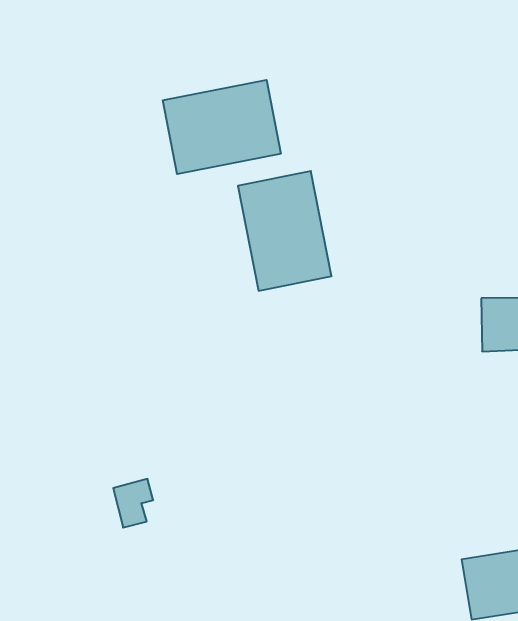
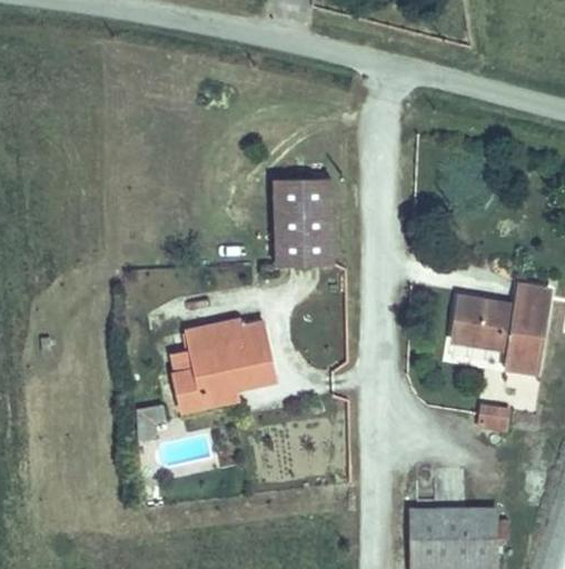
building: [163,80,281,174] -> none
building: none -> [174,320,272,416]

